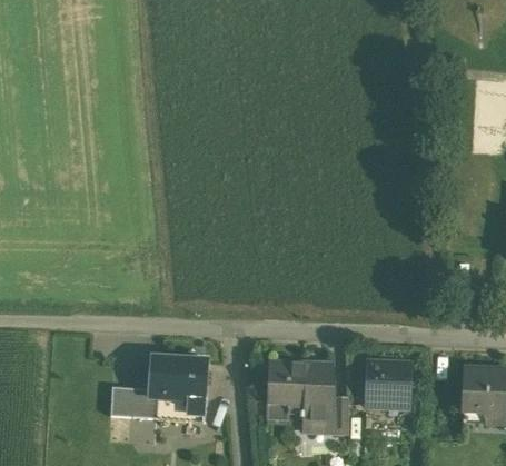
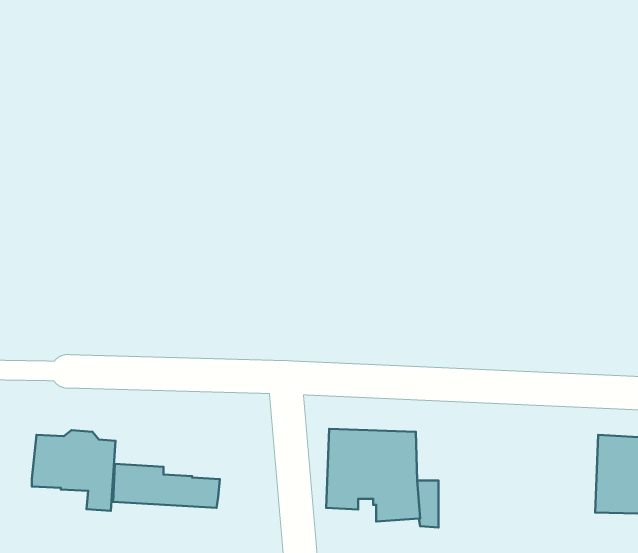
building: [147,354,208,413] -> [32,430,115,511]
building: [366,363,410,406] -> none

